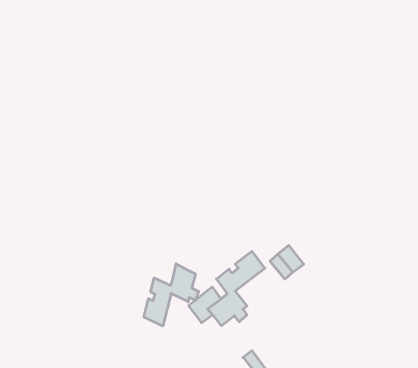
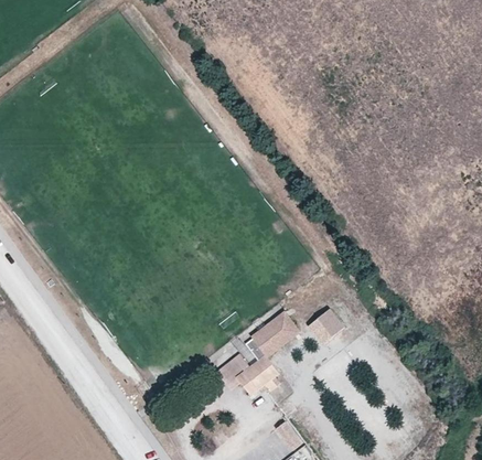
building: [144,264,199,326] -> none

